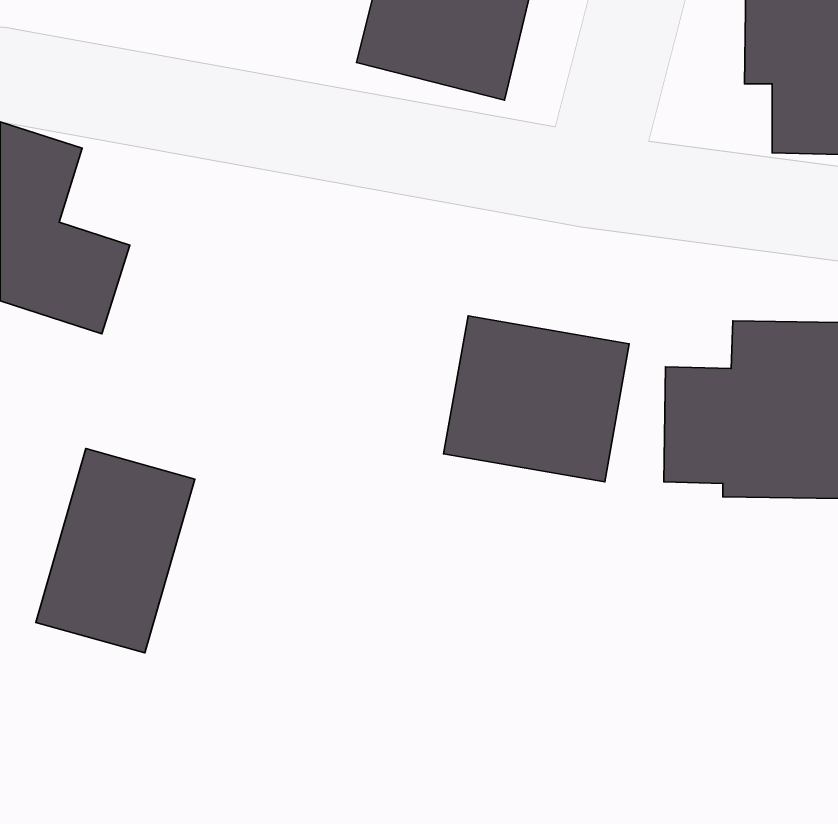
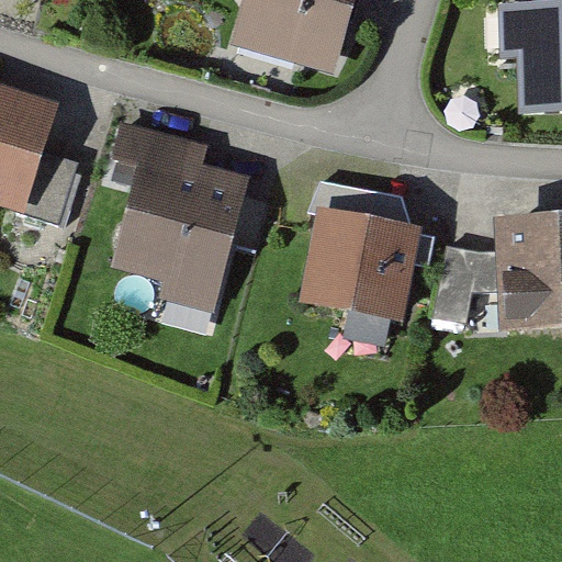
building: none -> [109,125,246,307]
building: [36,448,195,653] -> none

